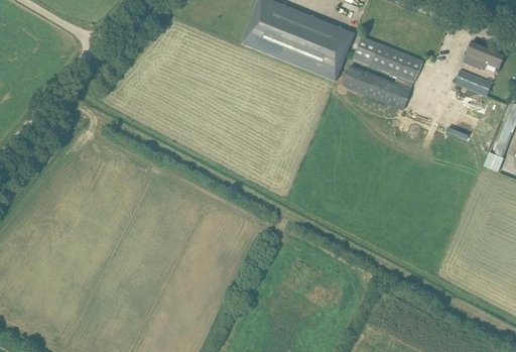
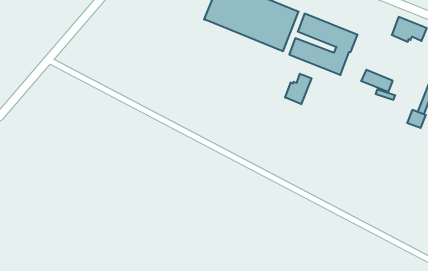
building: [455,70,492,96] -> [361,70,393,92]
building: none -> [285,74,312,104]

